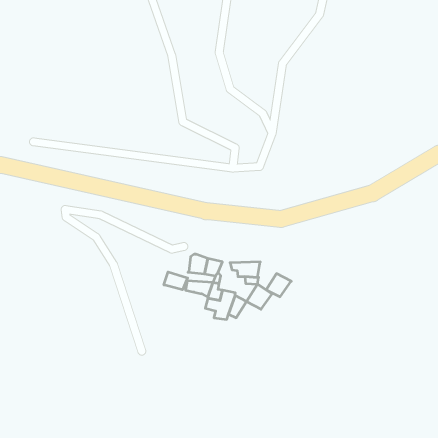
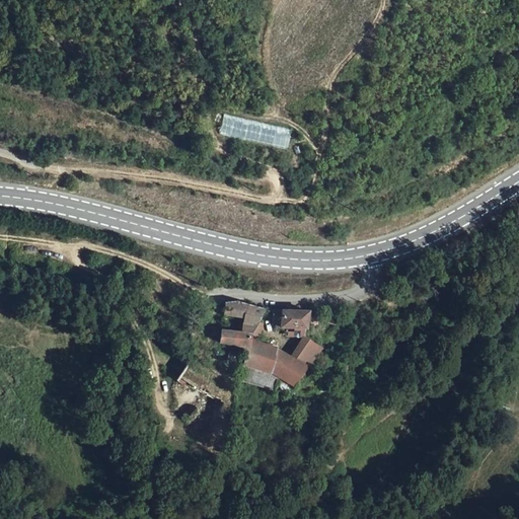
building: none -> [221,114,292,145]
building: [164,272,188,290] -> none
building: [266,274,291,297] -> [280,356,309,383]

